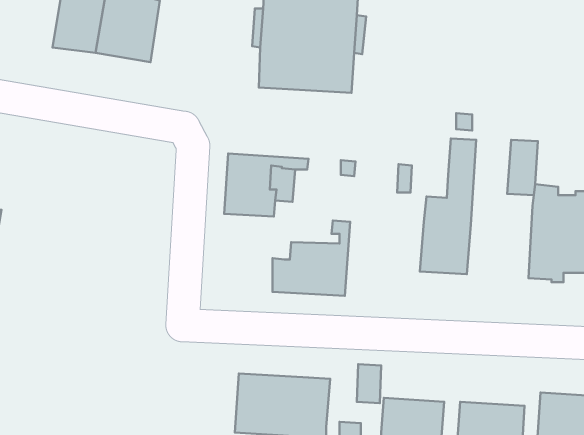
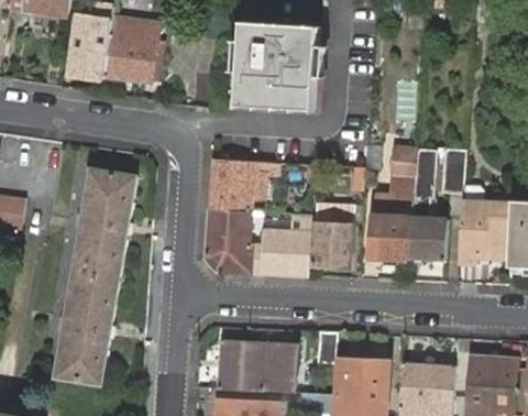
building: none -> [407,147,447,260]
building: none -> [56,169,134,384]
building: none -> [311,202,354,266]
building: none -> [204,208,249,272]

